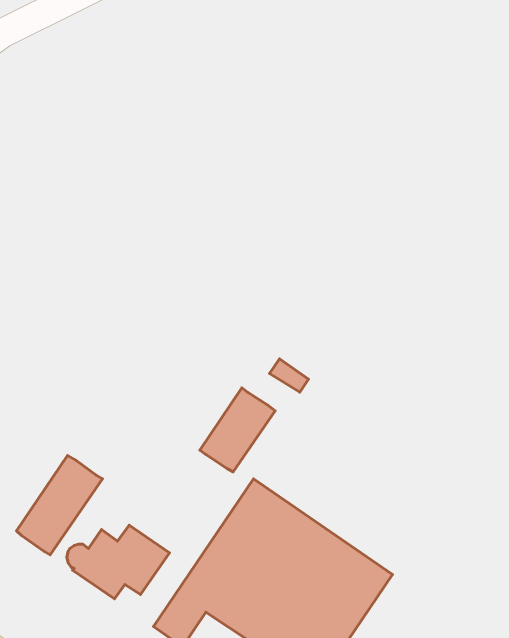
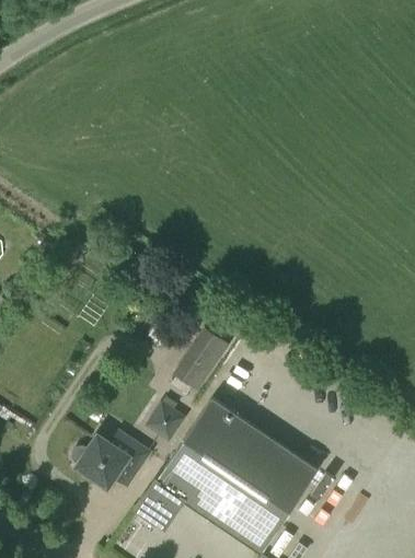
building: [17,456,103,555] -> none
building: none -> [143,400,186,442]

